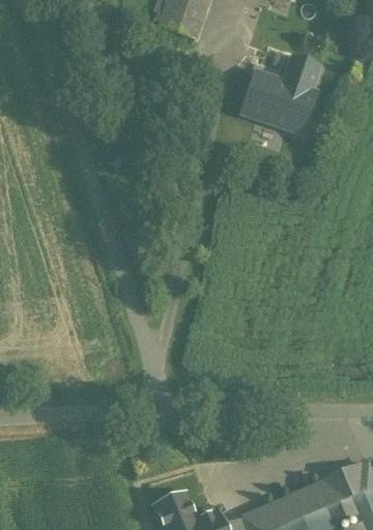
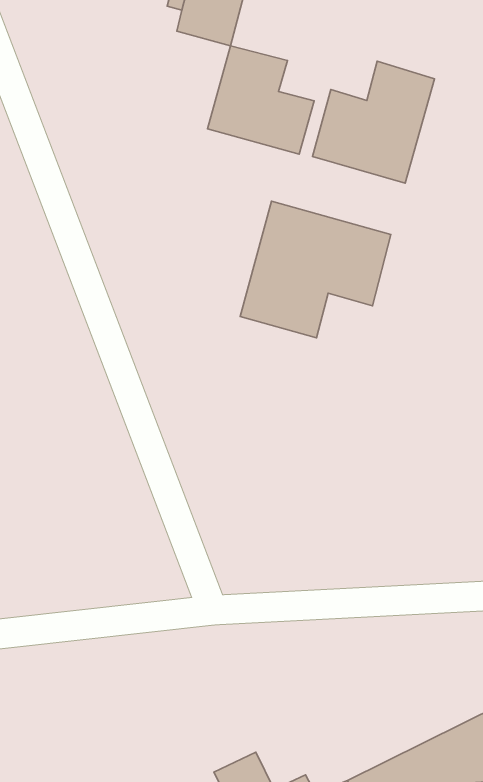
building: none -> [207,46,314,154]
building: none -> [240,201,391,338]

